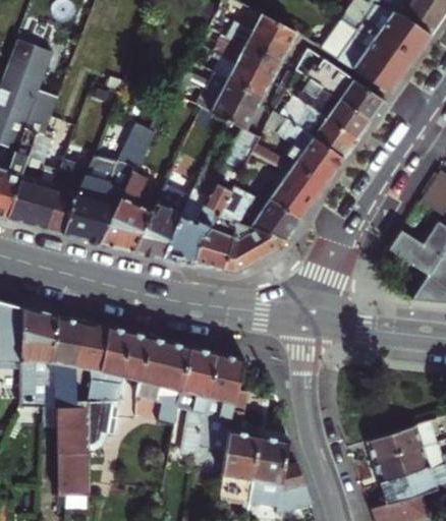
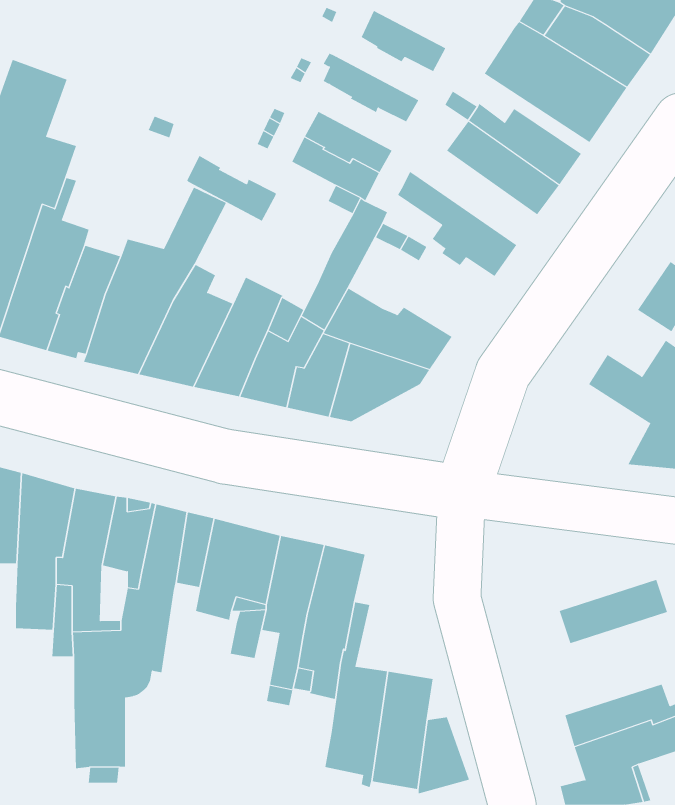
building: [226,20,289,65] -> none
building: [214,55,272,98] -> [187,155,276,222]
building: [280,95,356,159] -> none
building: [257,164,329,218] -> none
building: [367,420,437,462] -> [559,579,668,644]

